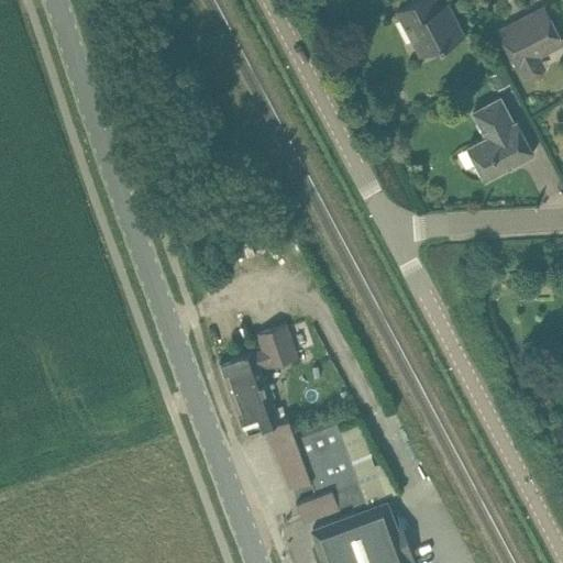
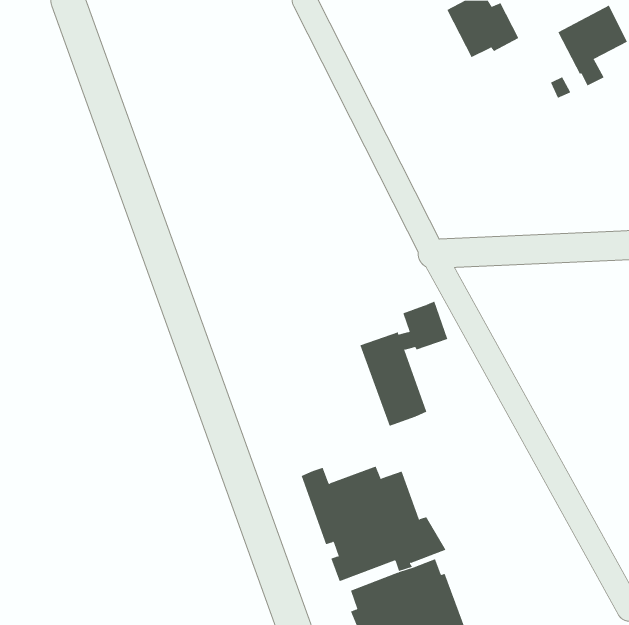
building: [466,99,532,183] -> none
building: [218,325,297,438] -> [359,301,448,427]

